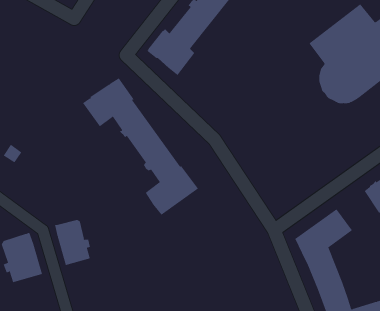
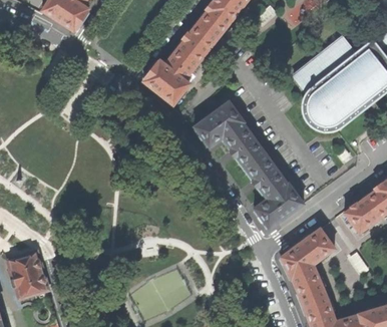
building: [82,77,199,216] -> [196,100,304,229]
building: [55,219,91,266] -> none

